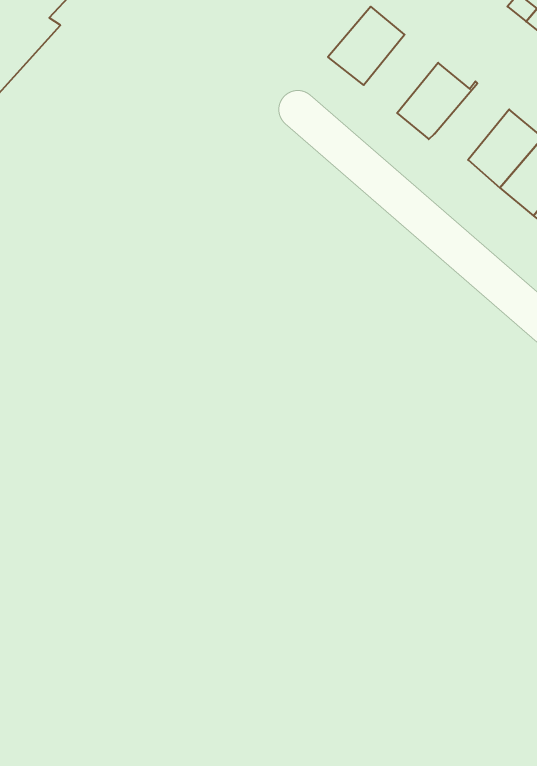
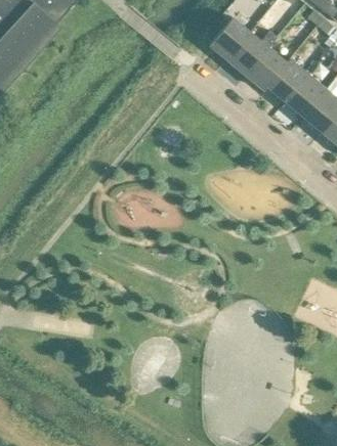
building: none -> [226,30,276,75]
building: none -> [265,58,306,100]

